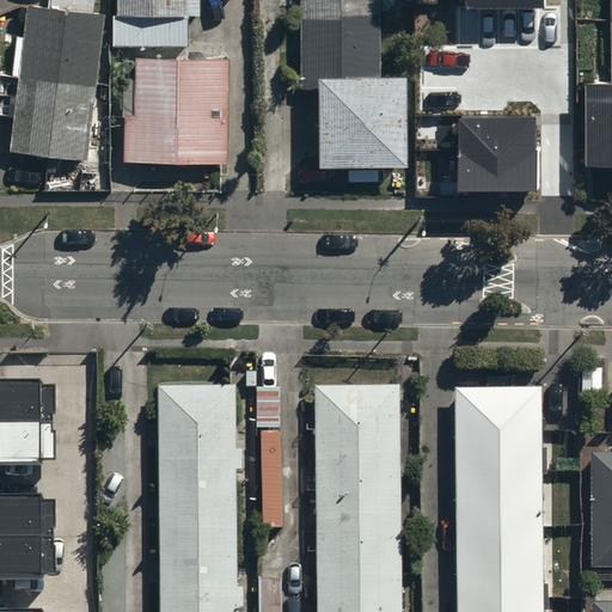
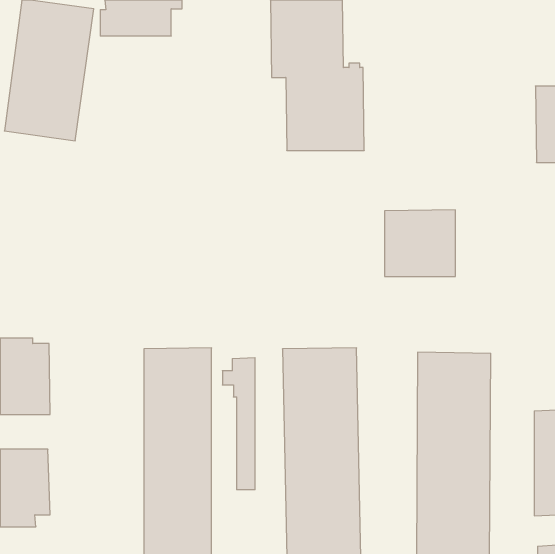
building: [122,55,228,154] -> none
building: [464,121,541,194] -> [385,210,455,276]

